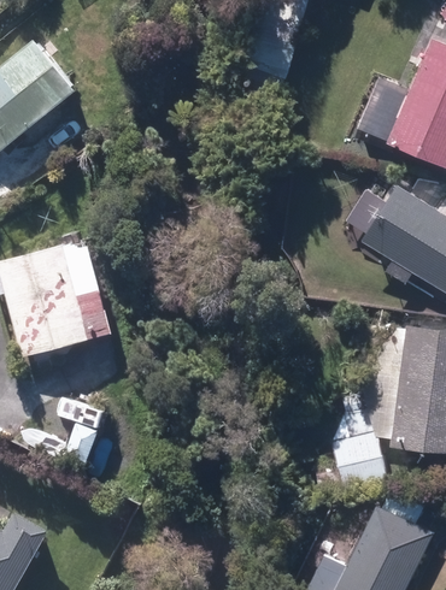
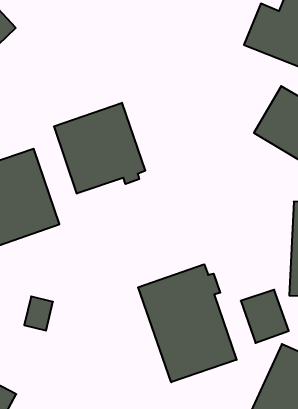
building: none -> [54,103,145,194]
building: none -> [138,264,237,382]

